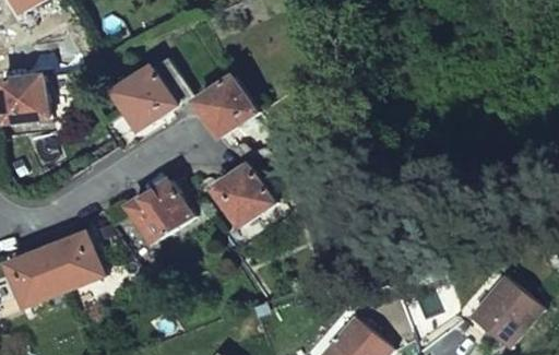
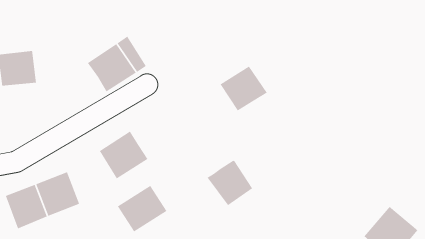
building: [194,78,257,137] -> [220,66,268,111]
building: [212,165,272,225] -> [207,160,253,206]
building: none -> [117,185,167,233]

